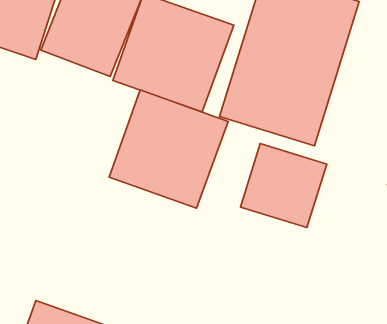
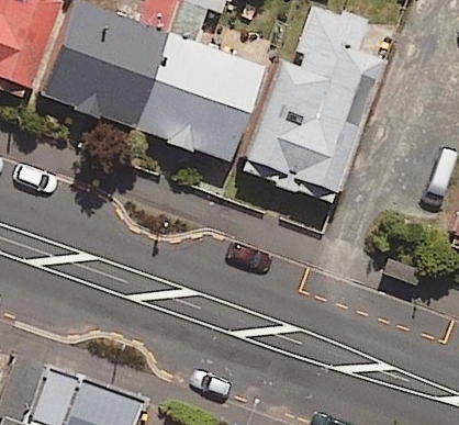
building: [109,90,228,208] -> none
building: [241,143,327,227] -> none

